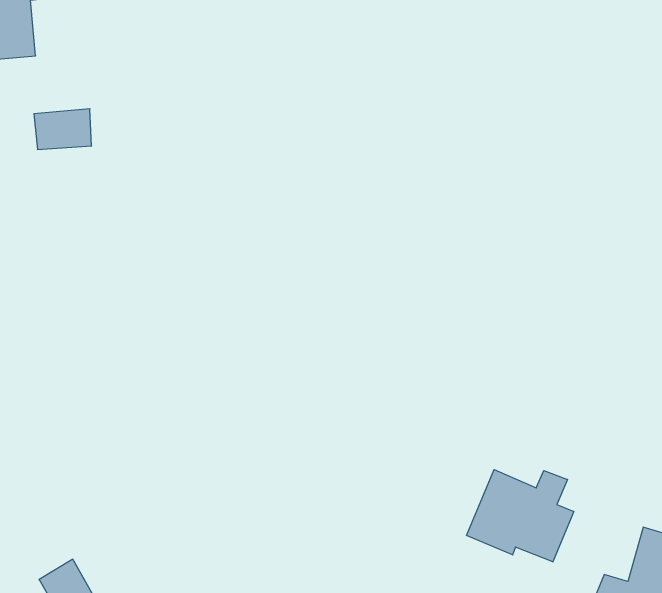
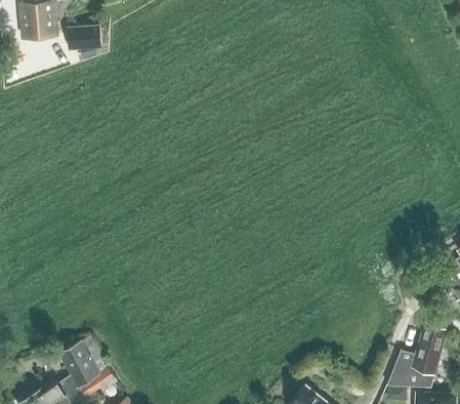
building: [34,109,92,149] -> [67,25,101,49]
building: [466,470,574,562] -> none

